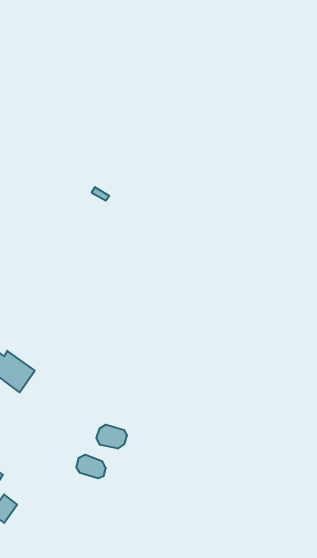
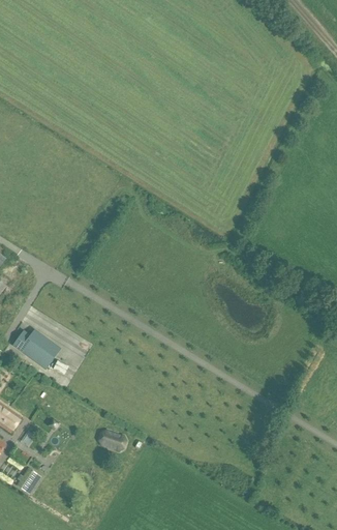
building: [97,425,127,449] -> none

